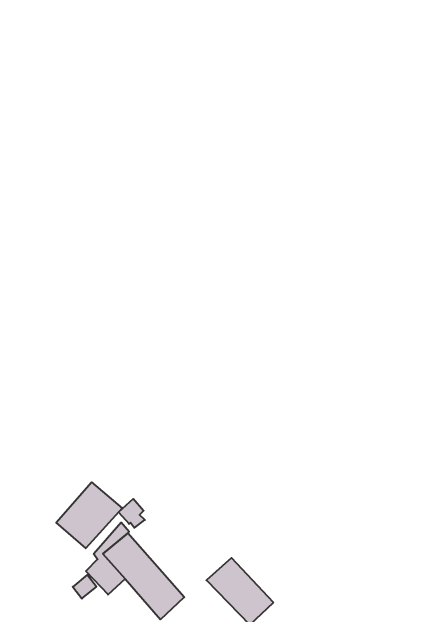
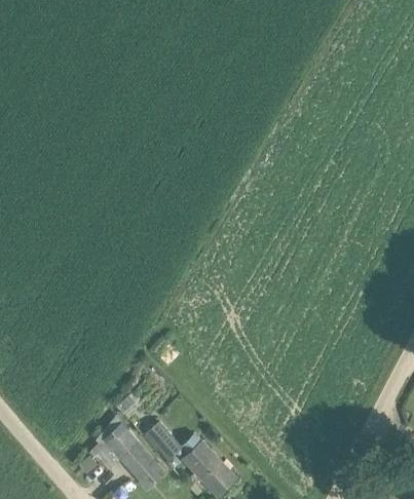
building: [56,482,122,548] -> none
building: none -> [146,421,182,460]

